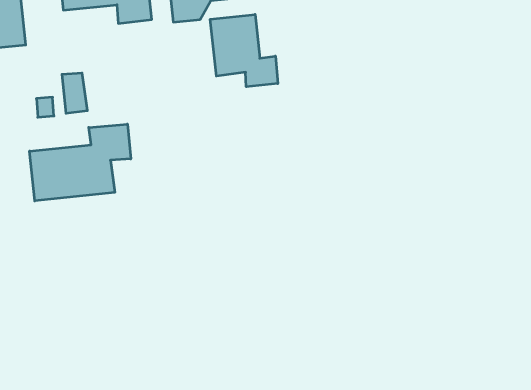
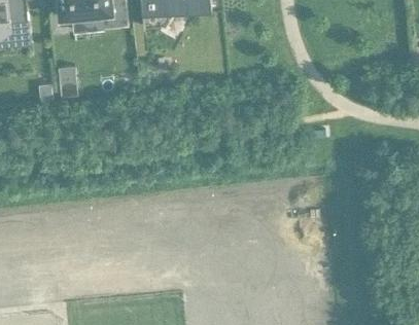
building: [210,14,278,87] -> none
building: [30,124,131,201] -> none

